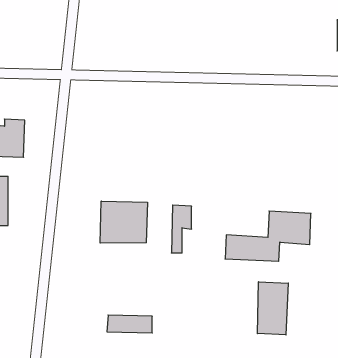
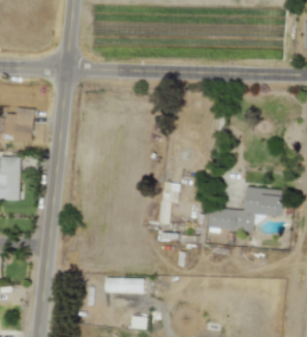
building: [100,201,147,243] -> none
building: [257,282,288,335] -> none

